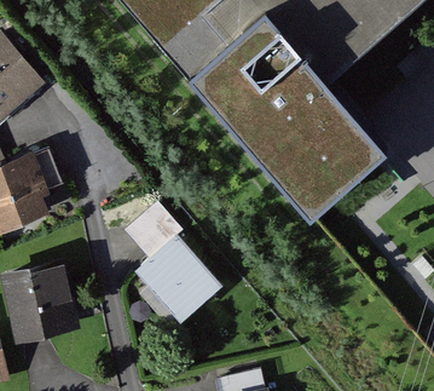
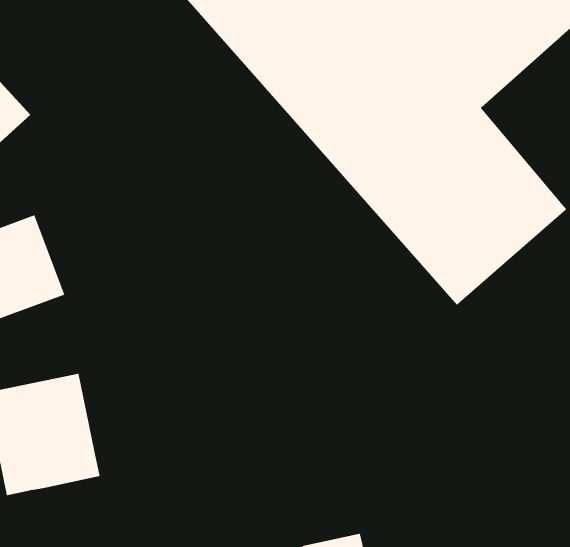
building: [125,205,221,322] -> none

